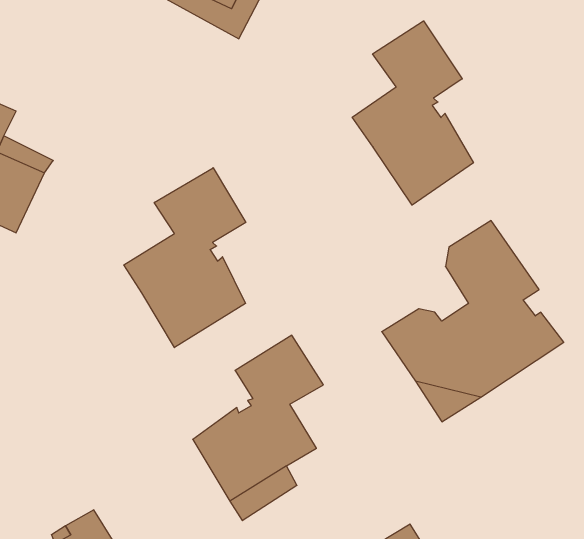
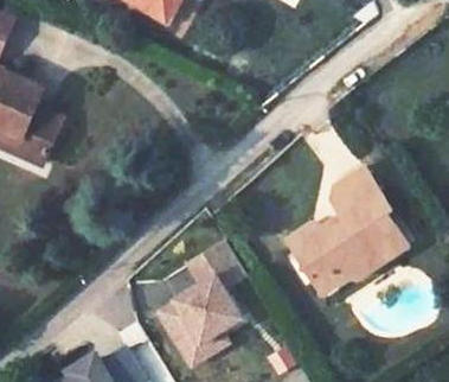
building: [352,21,473,205] -> none
building: [124,168,246,348] -> none

